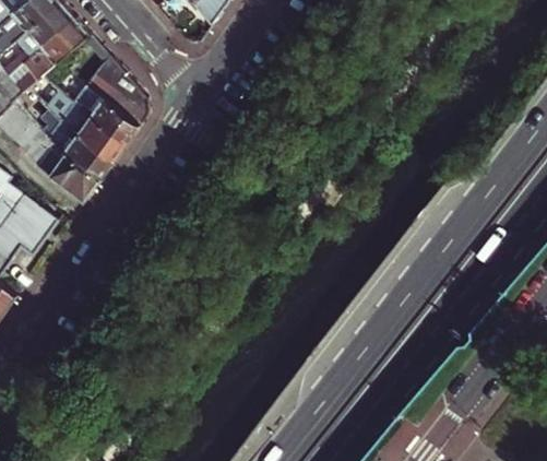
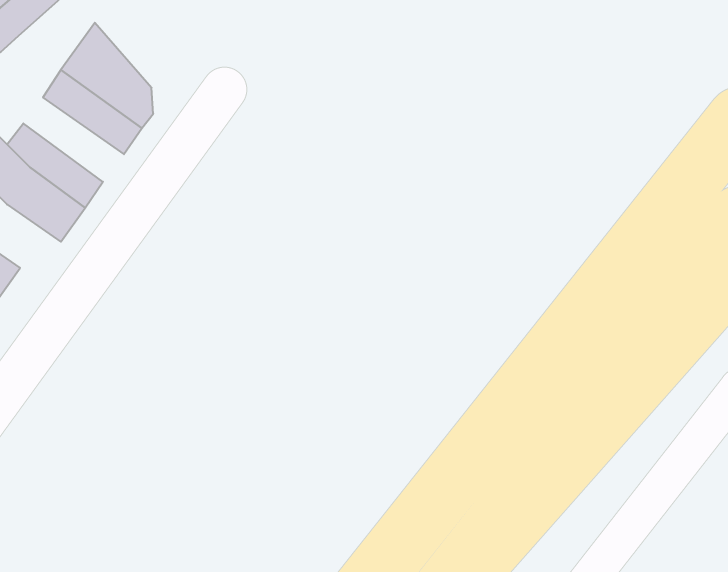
building: [58,104,126,161] -> none

